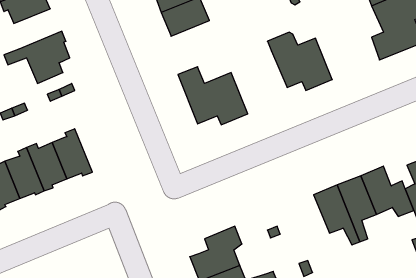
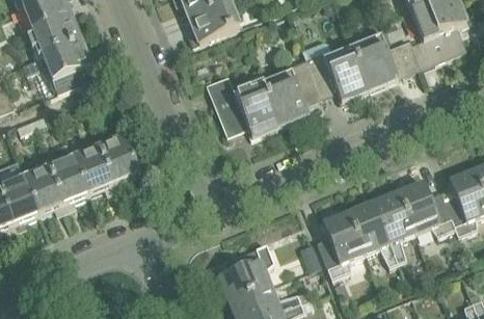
building: none -> [32,14,83,56]
building: none -> [351,33,419,88]
building: none -> [262,58,321,125]
building: none -> [97,134,140,186]
building: none -> [318,210,366,277]

